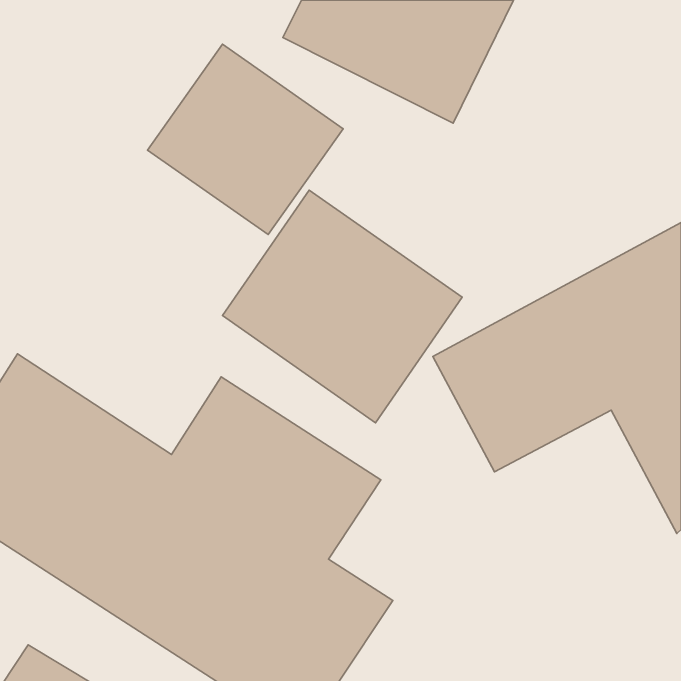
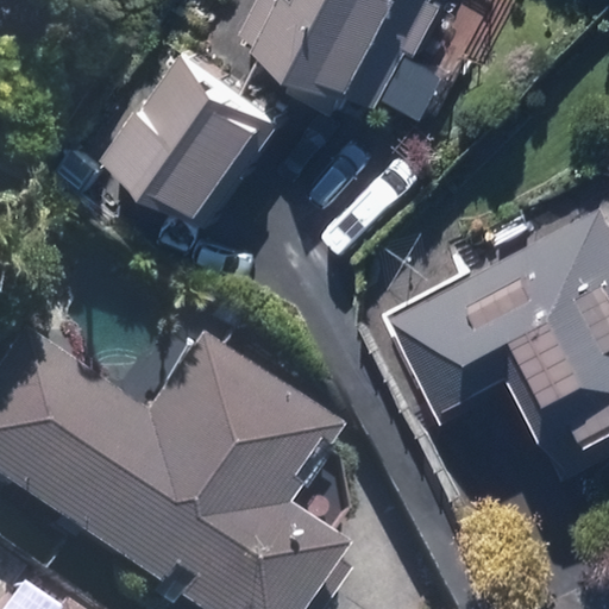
building: [222,190,462,423] -> none

